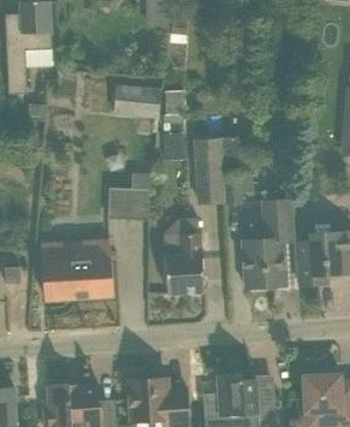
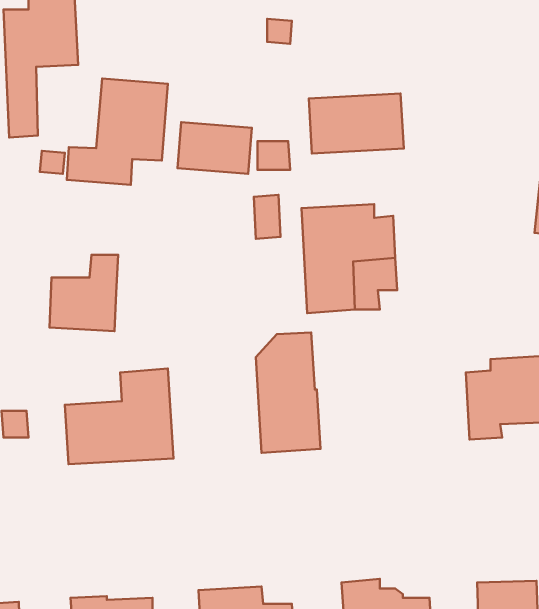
building: none -> [67,78,168,185]
building: none -> [309,94,404,153]
building: [107,171,150,219] -> [49,255,118,331]
building: [242,196,293,286] -> none

